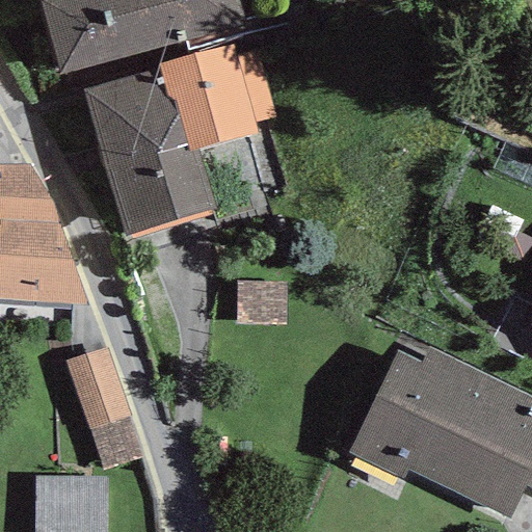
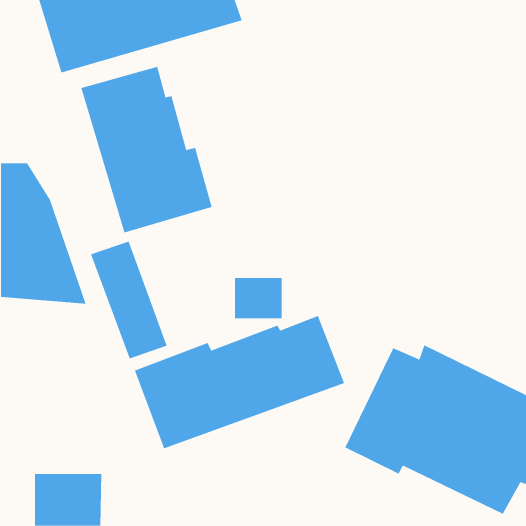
building: [159,44,274,151] -> none
building: none -> [134,315,345,449]
building: [66,349,144,469] -> [90,241,167,359]

